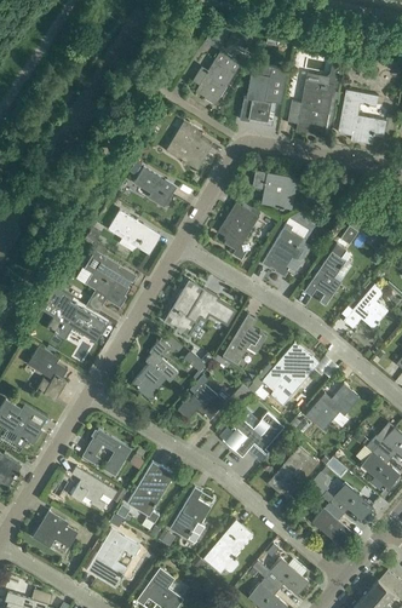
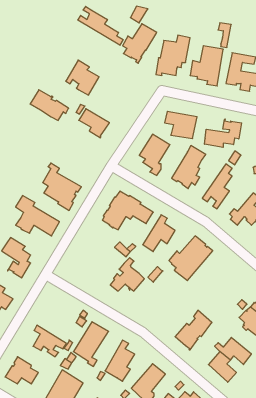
building: none -> [78,6,123,45]
building: [166,121,212,170] -> [66,60,99,95]
building: none -> [205,119,242,147]
building: [107,210,160,252] -> [30,90,69,120]
building: [131,339,178,398] -> none
building: [305,384,360,430] -> none
building: [222,412,283,457] -> none
building: [81,429,131,476] -> none

